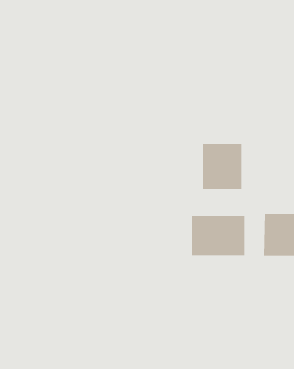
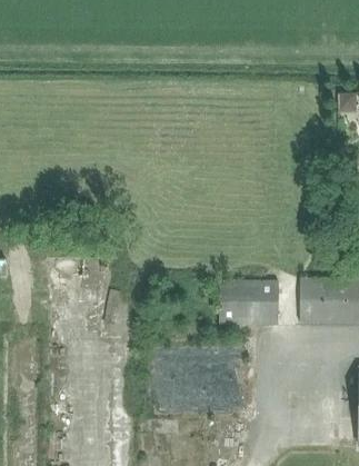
building: [202,143,242,190] -> none

